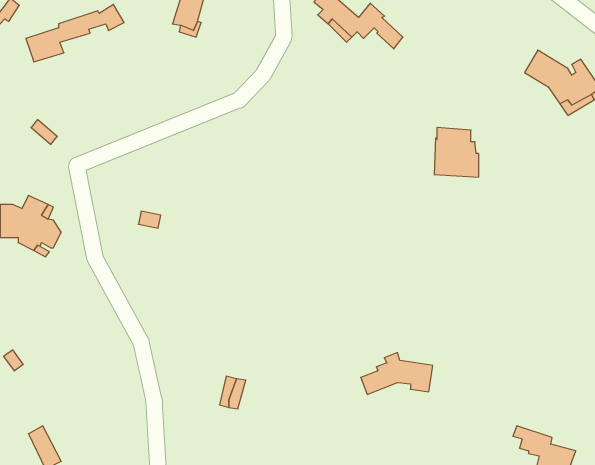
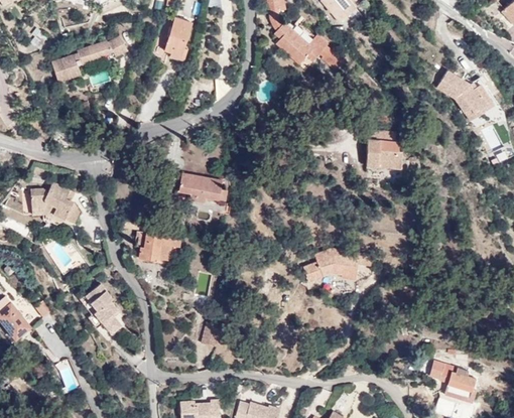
building: none -> [179,177,227,201]
building: none -> [139,233,179,261]
building: none -> [80,284,120,332]
building: [361,353,433,394] -> [303,249,359,281]

